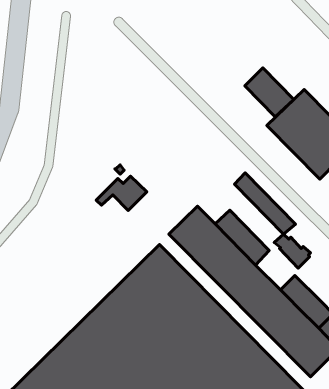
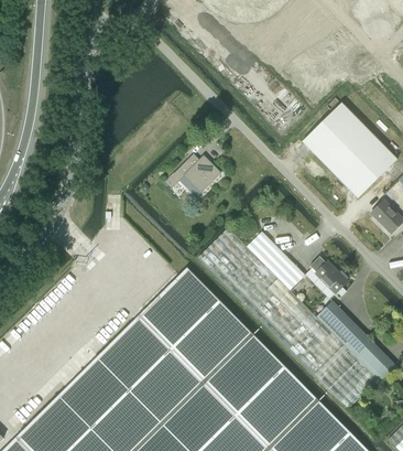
building: [245,68,294,117] -> none
building: [235,173,296,234] -> none
building: [96,176,147,210] -> [166,157,220,193]

